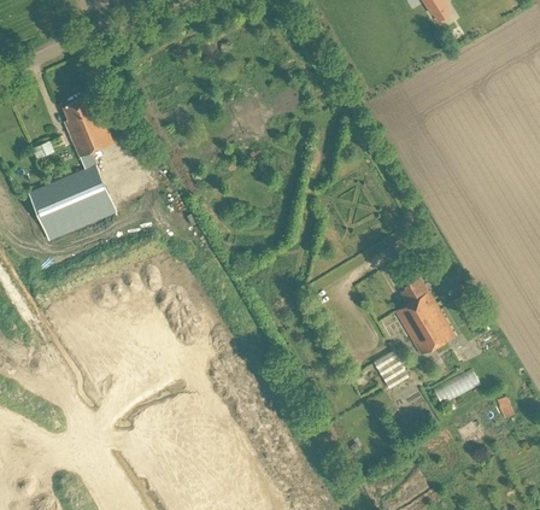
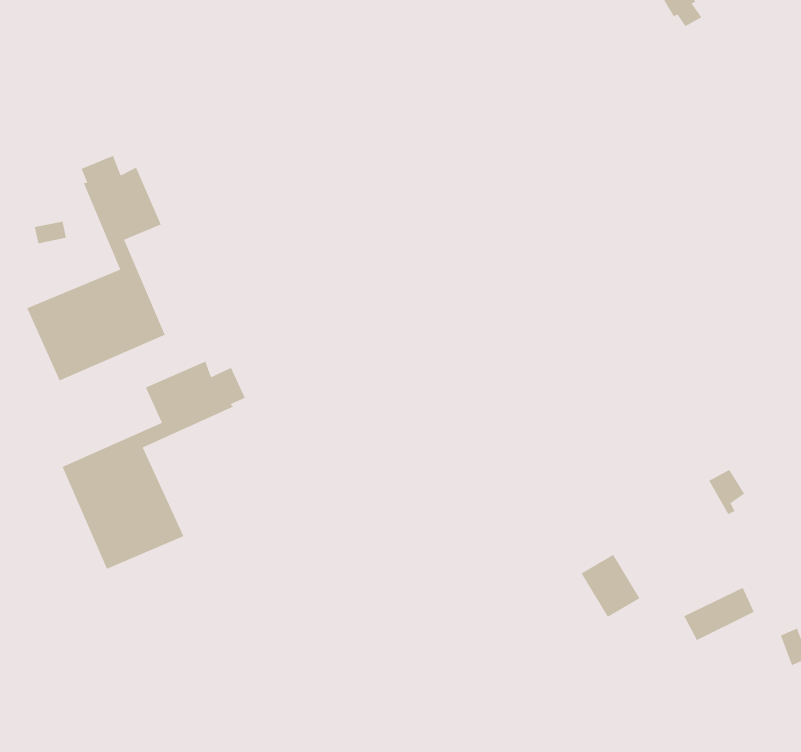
building: none -> [62,360,246,570]
building: [394,277,454,354] -> none

